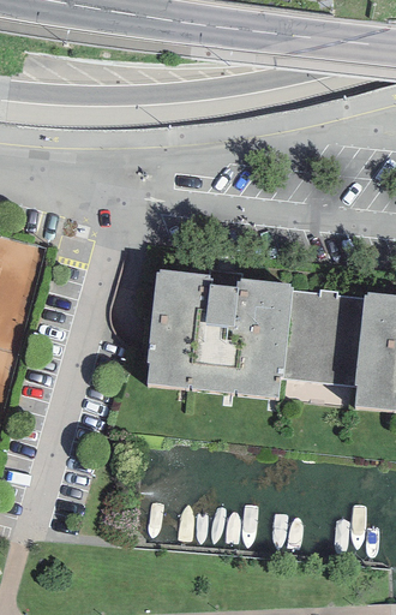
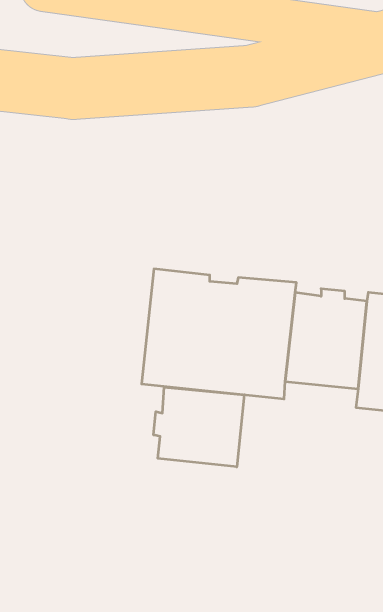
building: none -> [154,387,244,467]

